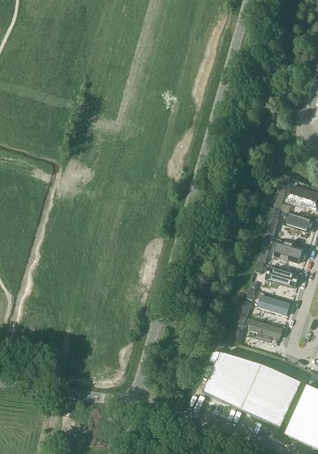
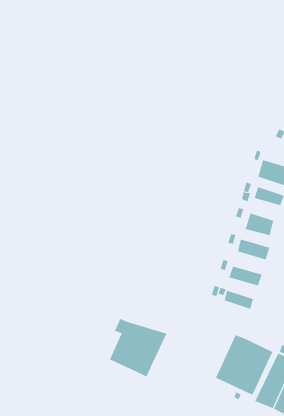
building: [203,348,263,409] -> [109,318,167,377]

